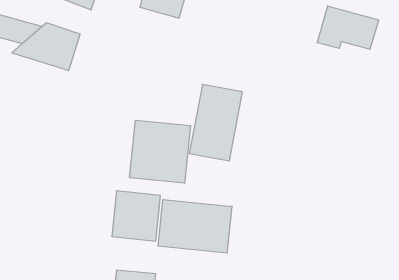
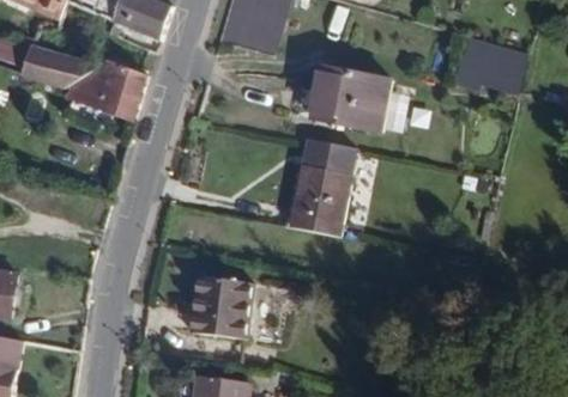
building: none -> [314,60,391,129]
building: [130,120,191,183] -> none
building: [158,199,232,253] -> none

